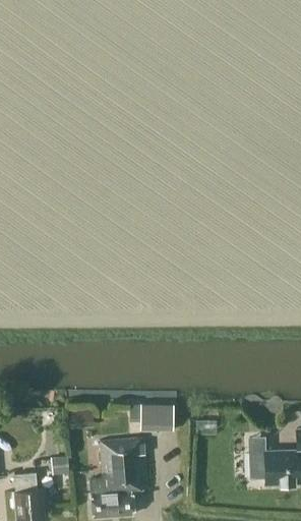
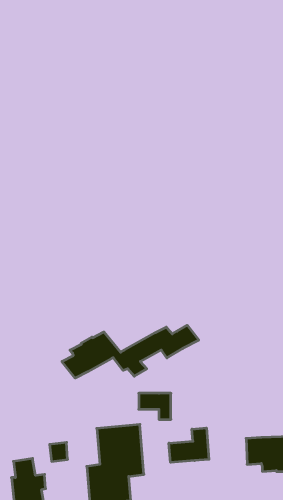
building: none -> [62,325,199,378]
building: none -> [169,428,209,462]

